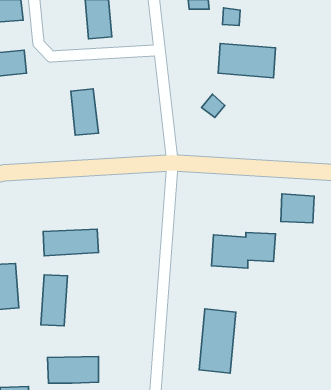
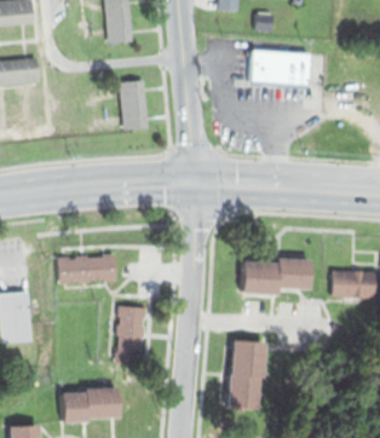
building: [71,89,99,135] -> [120,79,150,129]
building: [281,194,314,223] -> [330,266,367,298]
building: [41,275,67,326] -> [117,306,146,362]

